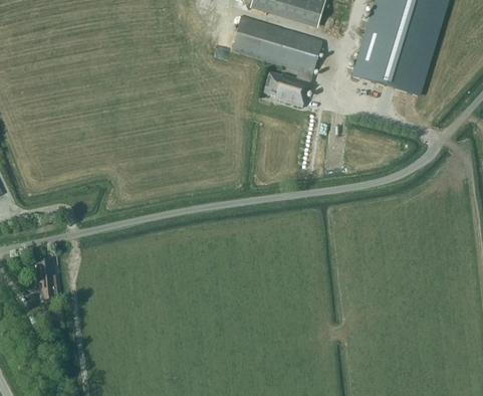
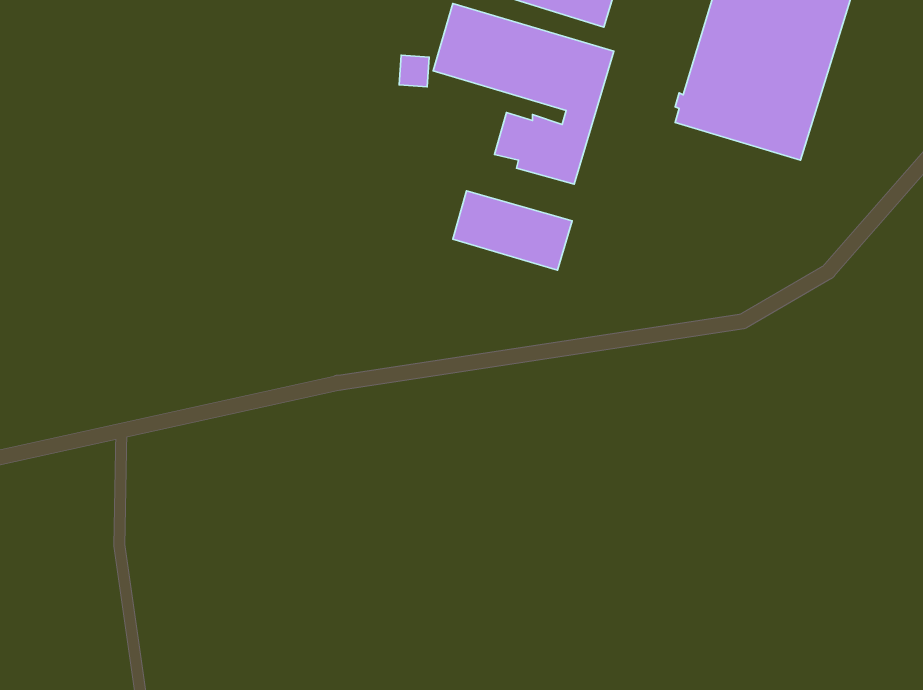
building: none -> [453,191,572,270]
building: [35,256,57,300] -> none

